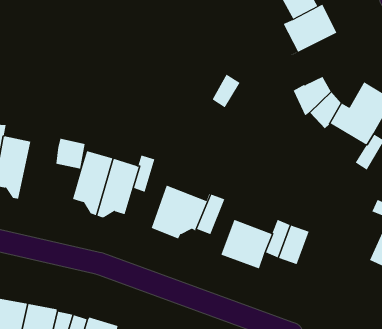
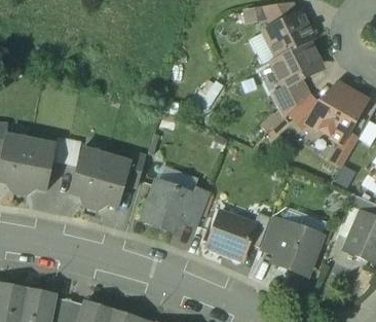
building: none -> [270,38,321,86]
building: none -> [18,139,54,194]
building: none -> [273,222,321,274]

